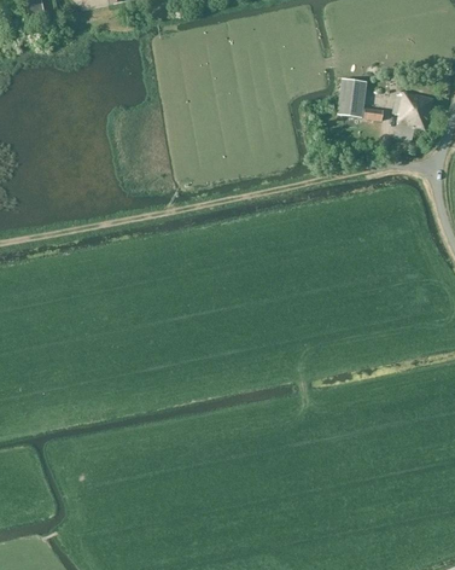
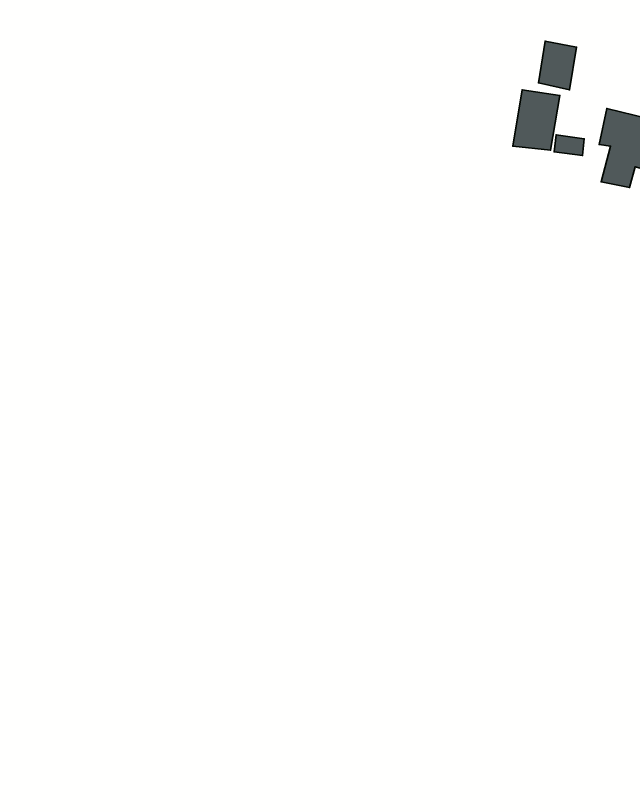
building: none -> [538,41,577,90]

